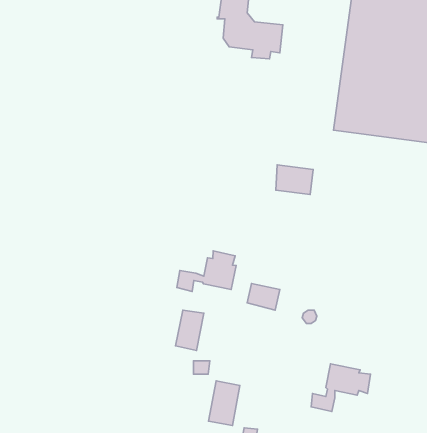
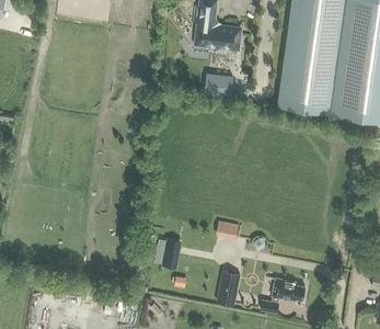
building: [276,165,313,195] -> [205,71,232,93]
building: [177,251,236,292] -> none
building: [209,381,240,426] -> [217,270,240,303]

